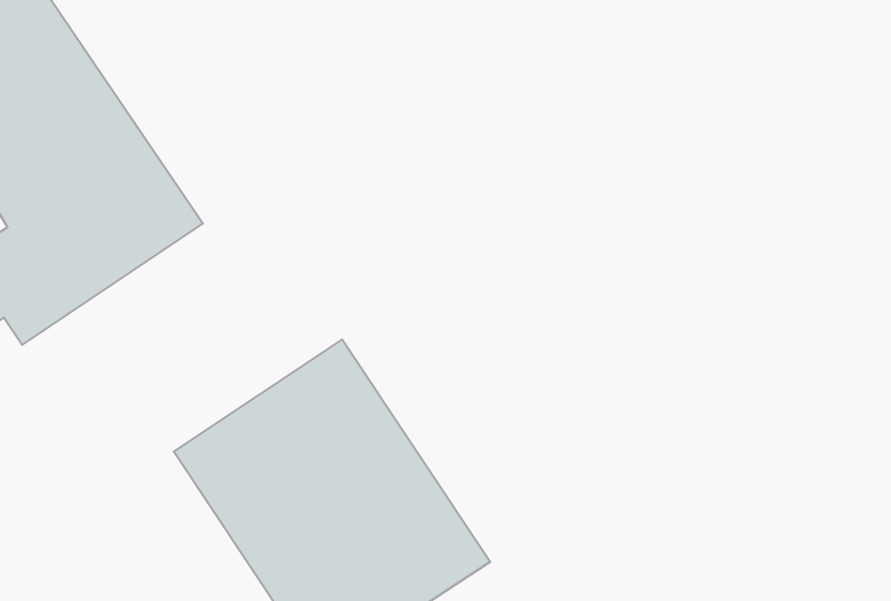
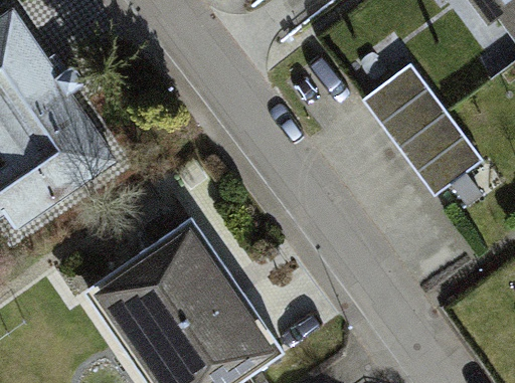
building: none -> [366,62,485,192]

